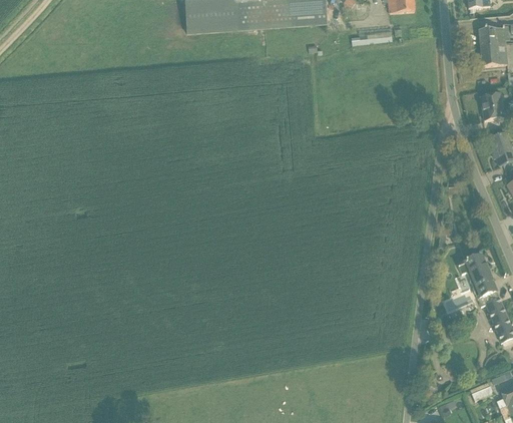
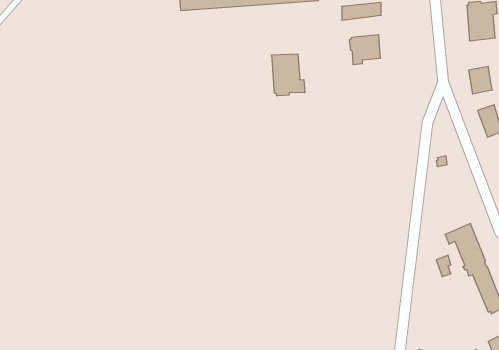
building: none -> [350,35,380,65]
building: none -> [272,54,305,96]

